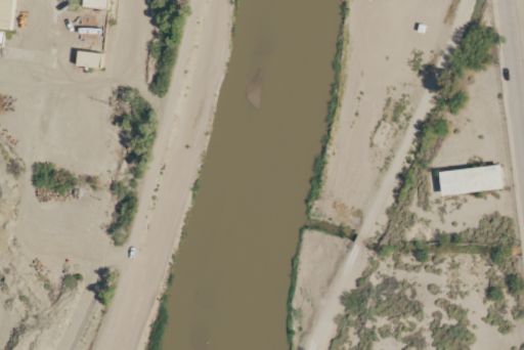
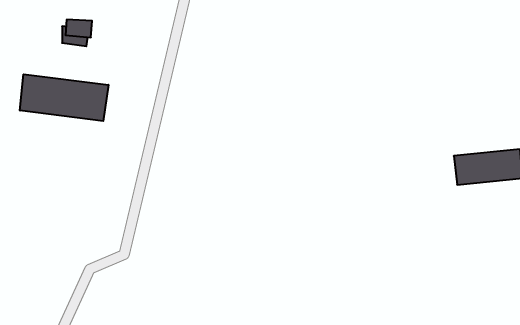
building: none -> [20,74,108,121]

